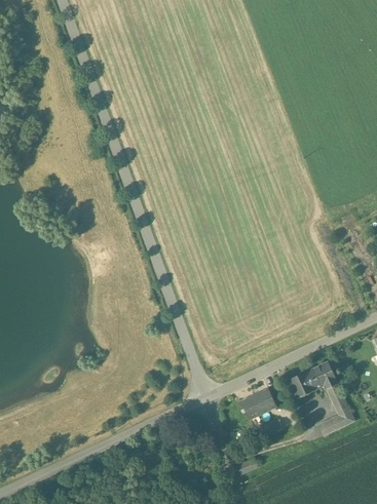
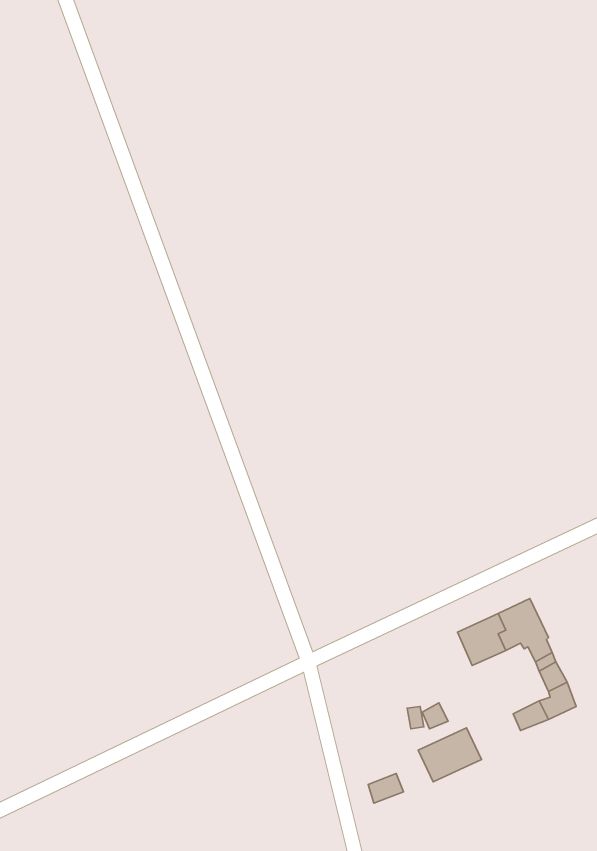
building: [241,388,276,418] -> [418,728,481,782]

